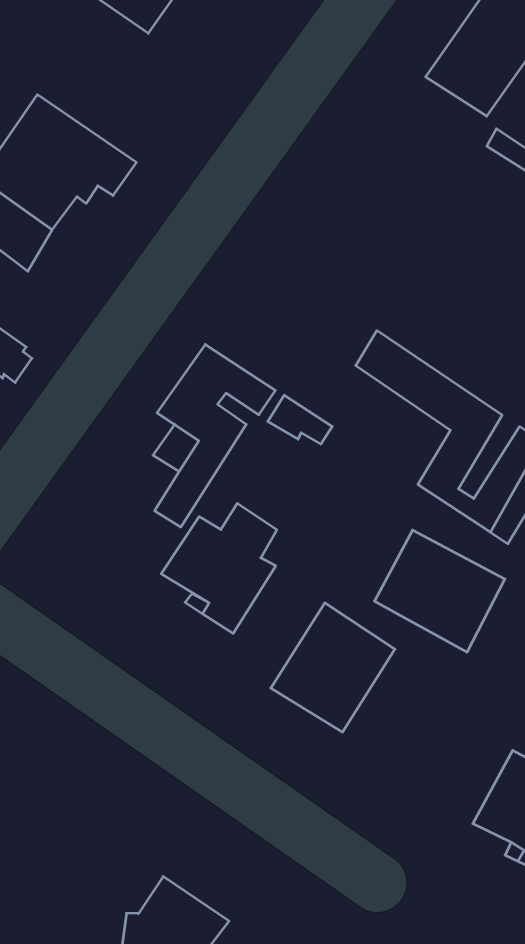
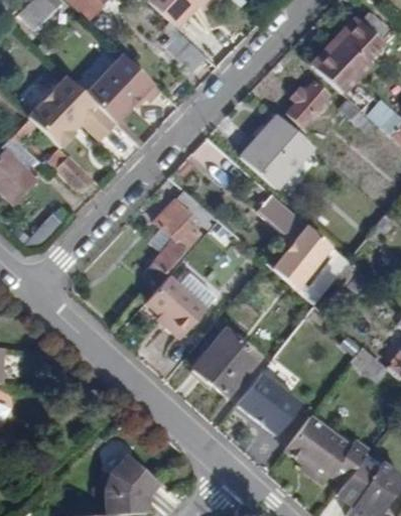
building: none -> [163,29,207,72]
building: none -> [286,81,329,126]
building: none -> [244,114,314,188]
building: [374,530,505,652] -> [233,370,300,435]

